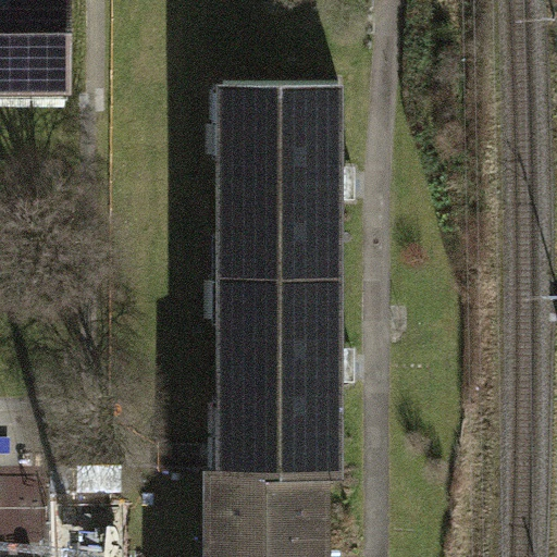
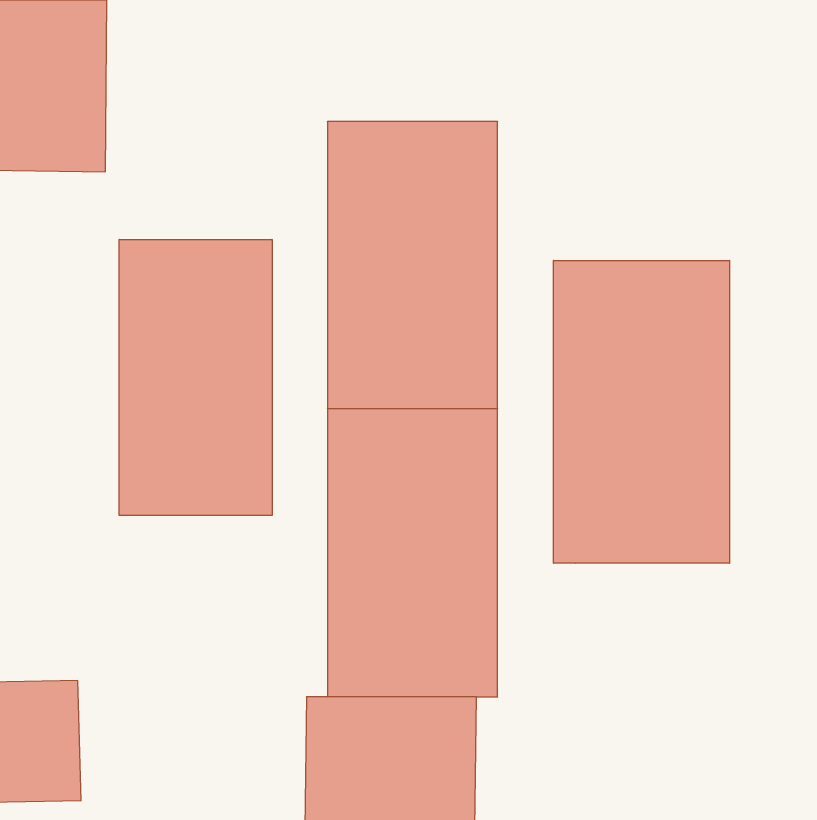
building: none -> [119,239,272,515]
building: none -> [554,260,730,563]

